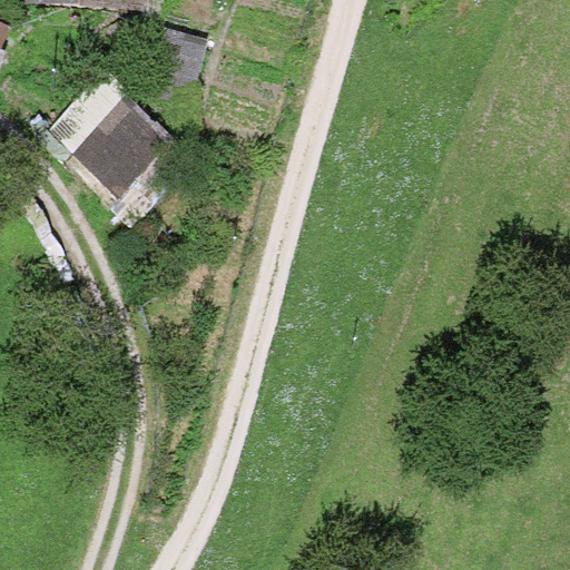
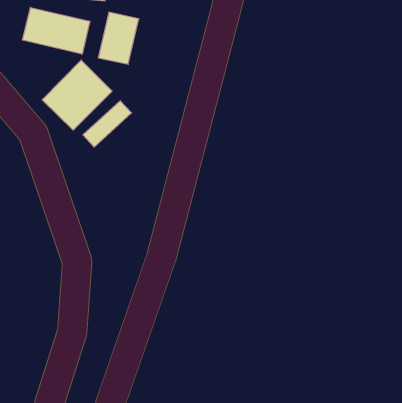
building: none -> [22,7,90,54]

